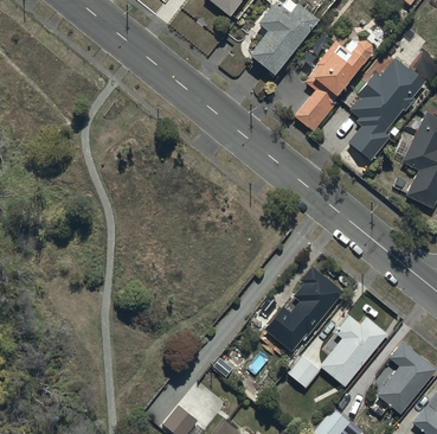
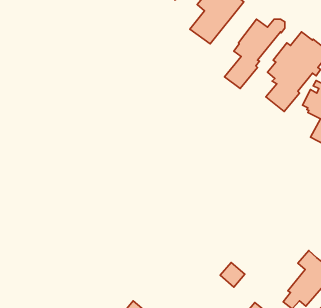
building: [264,266,342,353] -> none
building: [319,314,387,385] -> none

